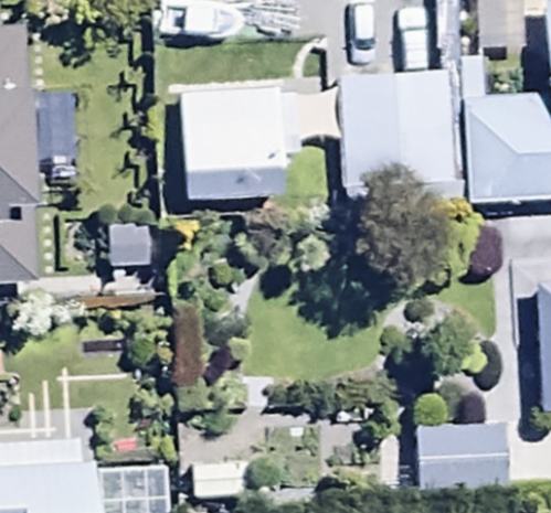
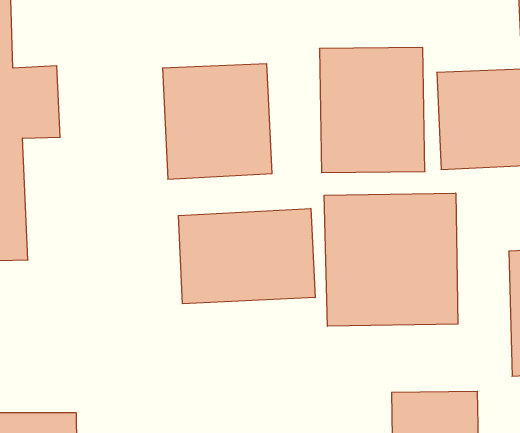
building: none -> [324,193,458,326]
building: none -> [178,208,315,304]

